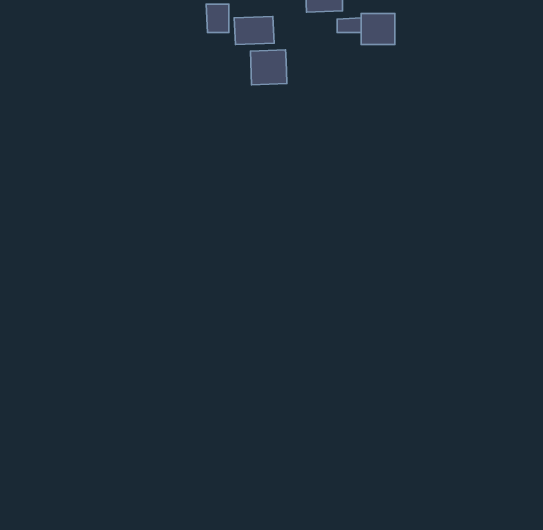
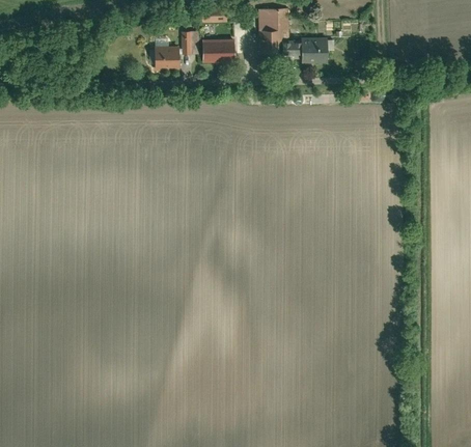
building: none -> [156,49,179,69]
building: [250,50,287,85] -> none

